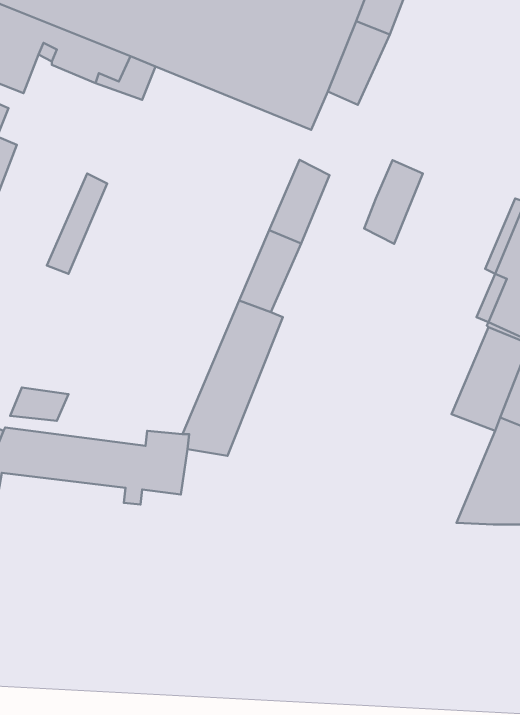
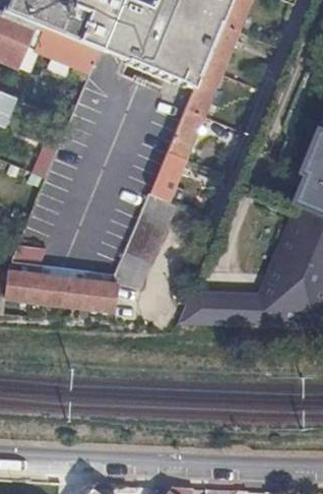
building: [364,160,423,244] -> [186,66,221,117]
building: none -> [180,262,305,328]

